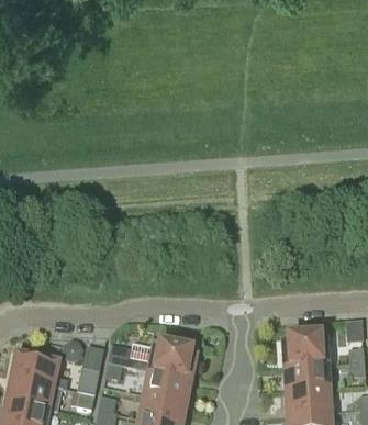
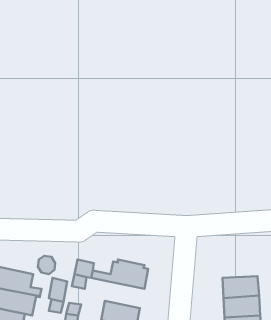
building: [282,334,326,365] -> none
building: [144,369,191,401] -> none

